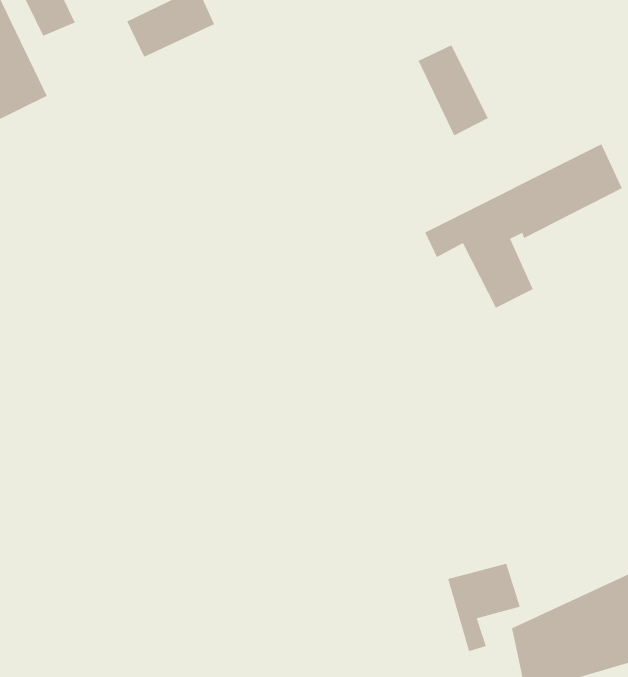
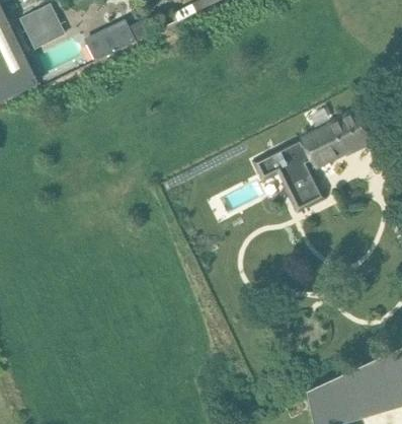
building: [418,44,489,137] -> none
building: [447,563,521,652] -> none

